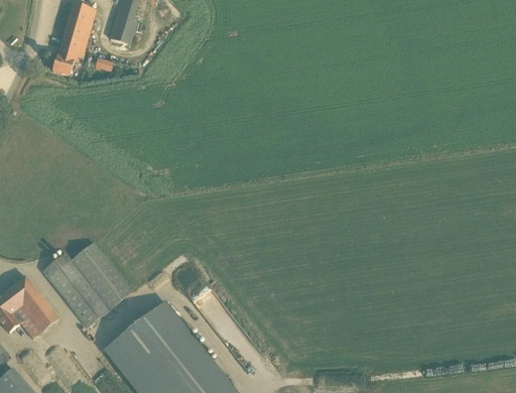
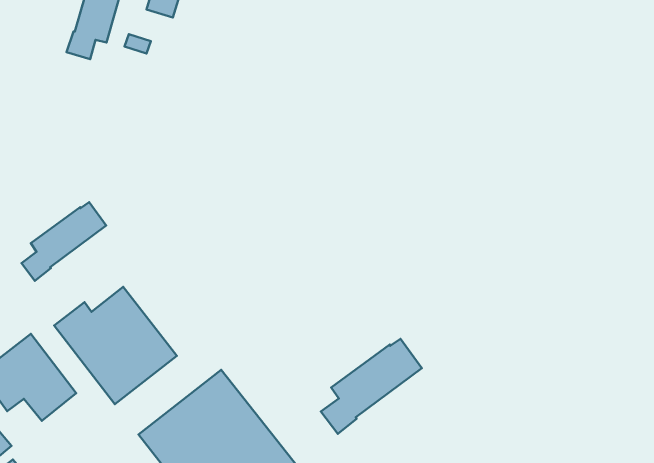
building: none -> [22,202,106,281]
building: none -> [321,339,422,434]

